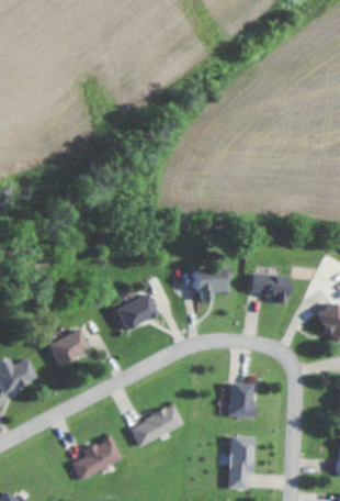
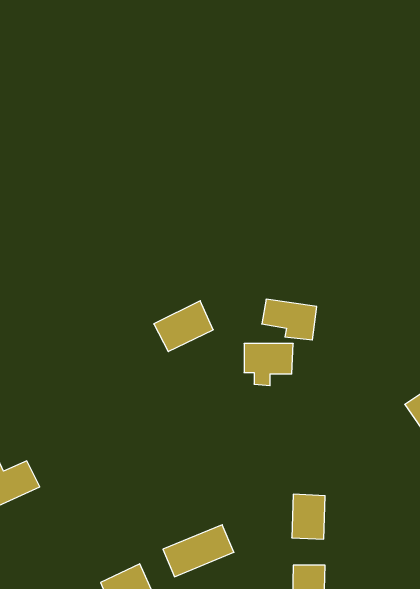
building: [247,272,288,303] -> [262,299,317,340]
building: [115,292,160,331] -> [154,301,213,352]
building: [47,327,90,366] -> none

